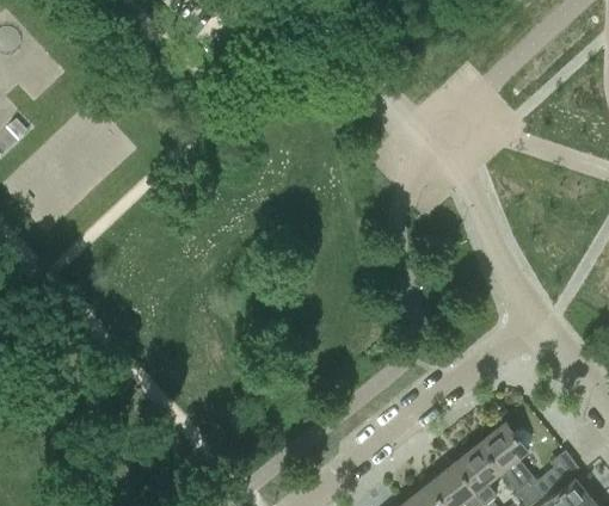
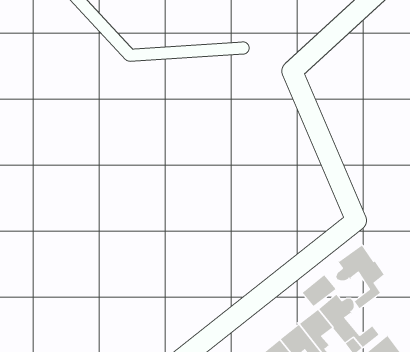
building: none -> [336,243,385,309]
building: none -> [302,274,337,307]

